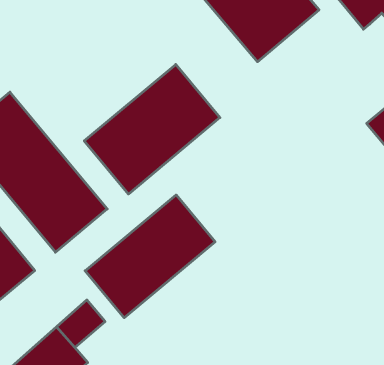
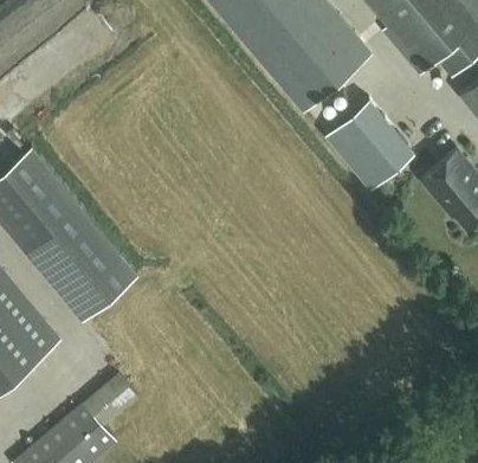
building: none -> [324,99,414,191]
building: [84,64,220,194] -> none
building: [85,195,215,318] -> none

